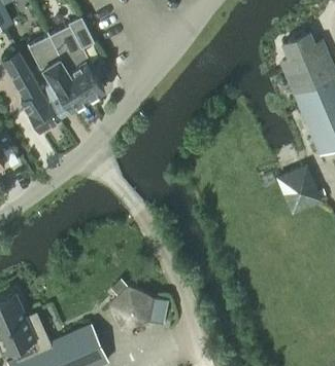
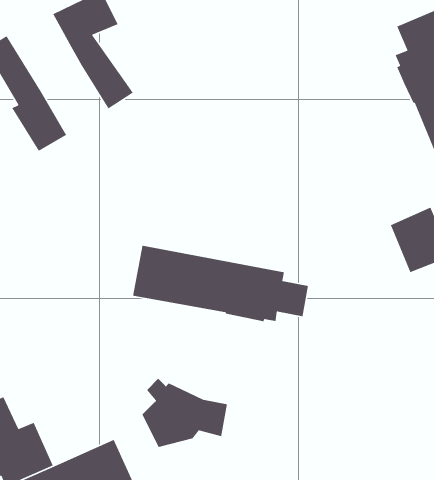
building: [29,36,88,118] -> none
building: none -> [132,245,309,322]

